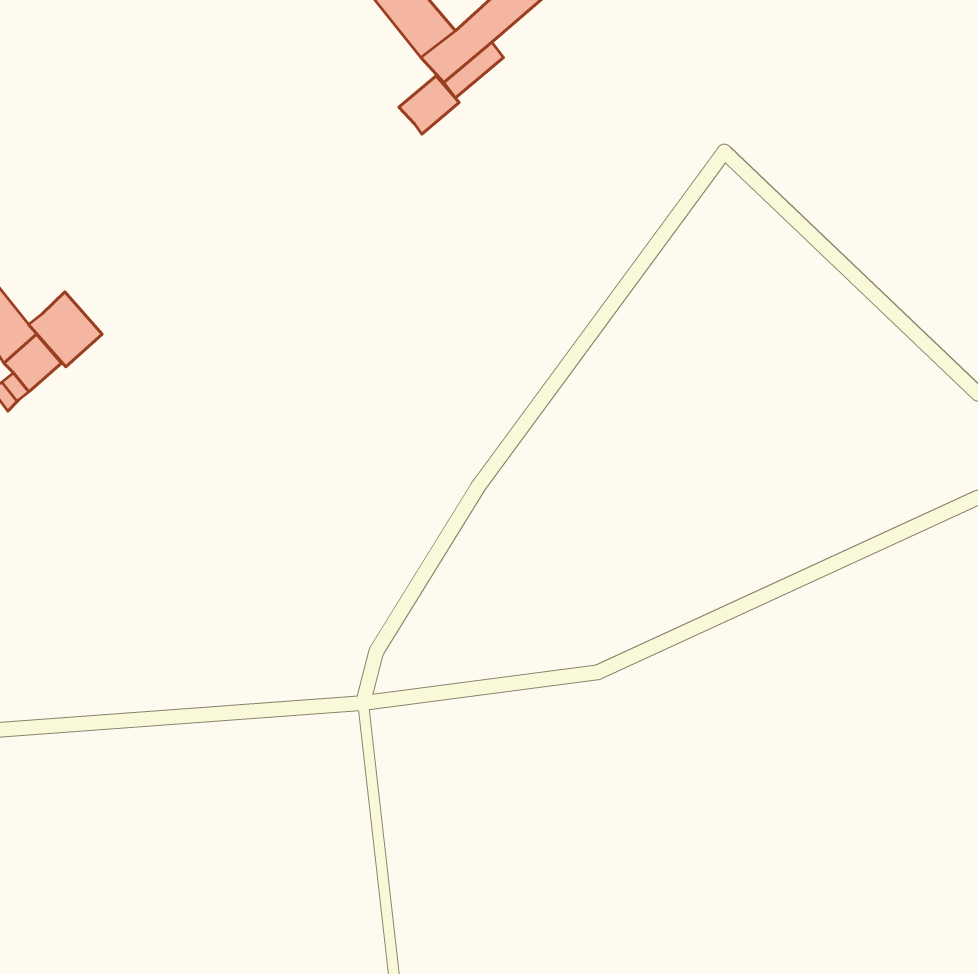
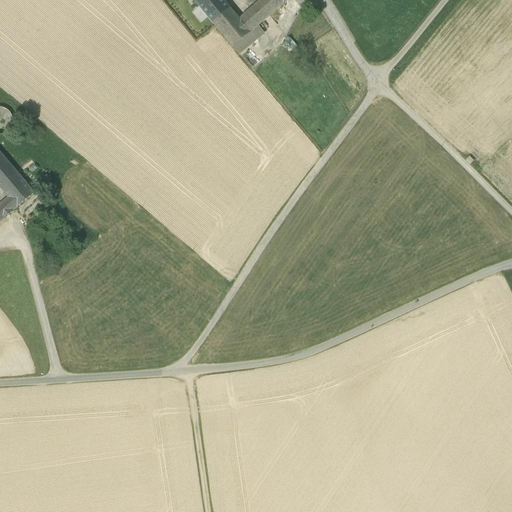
building: [399,76,459,134] -> none
building: [29,292,102,367] -> none

